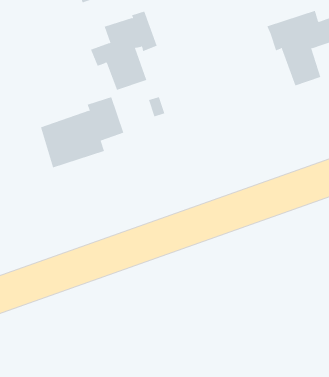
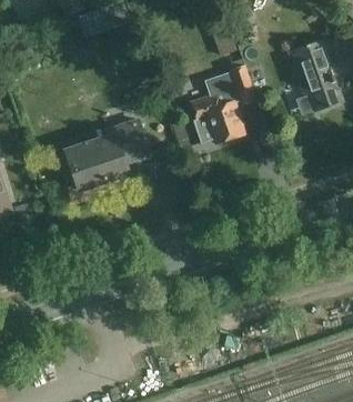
building: [90,11,157,90] -> [190,64,255,142]

